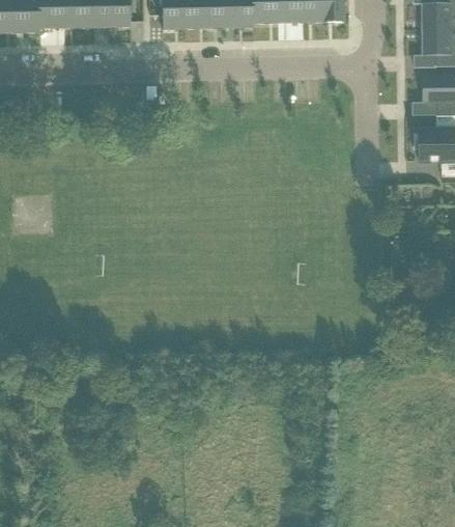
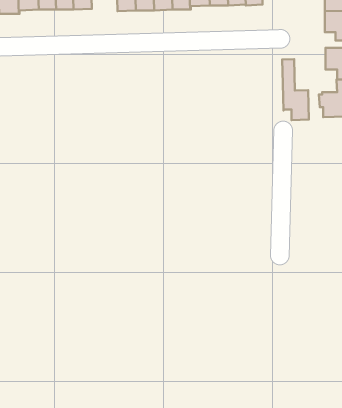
building: none -> [282,59,309,120]

